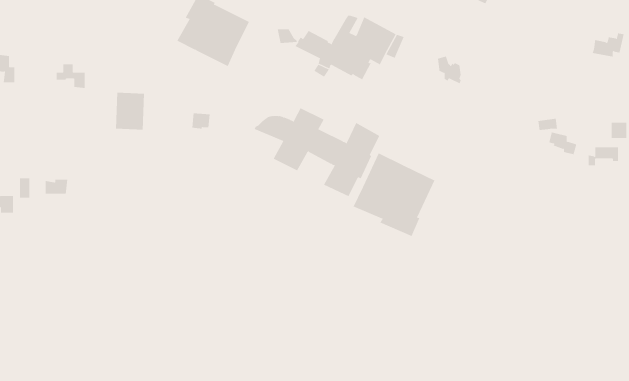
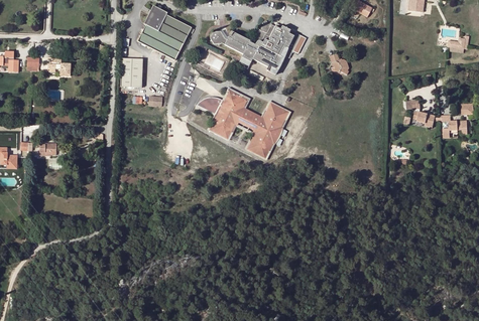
building: [115,92,145,130] -> [121,59,143,88]
building: [353,153,435,237] -> none

